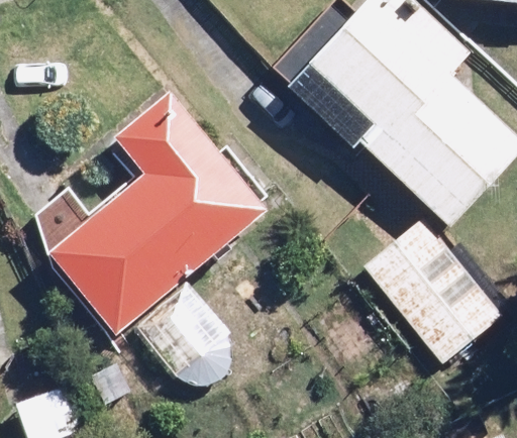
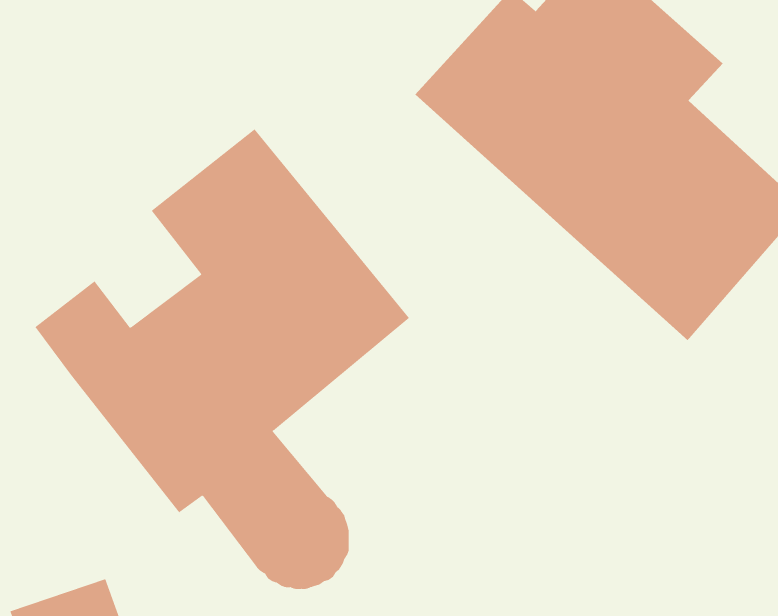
building: [363,216,501,363] -> none

